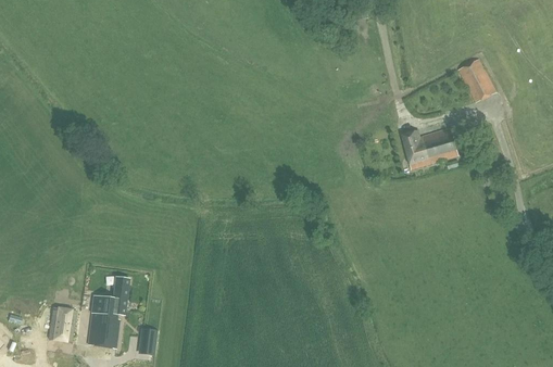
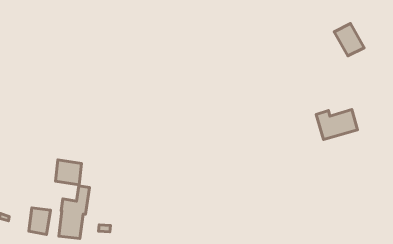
building: [401,127,456,167] -> [316,110,358,139]
building: none -> [56,160,82,185]

